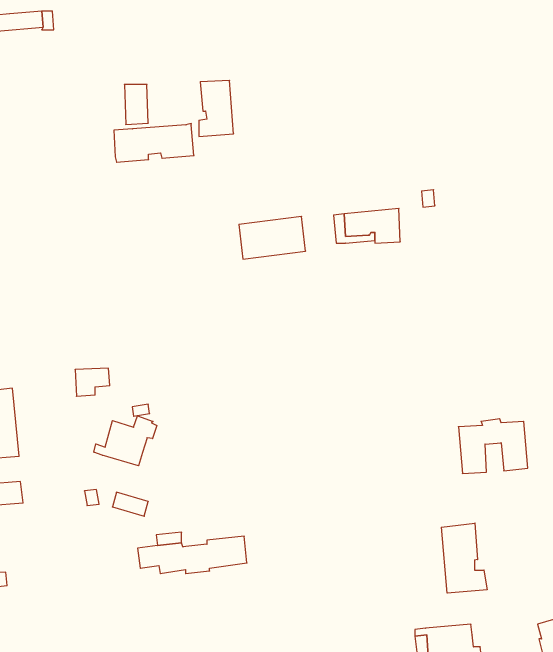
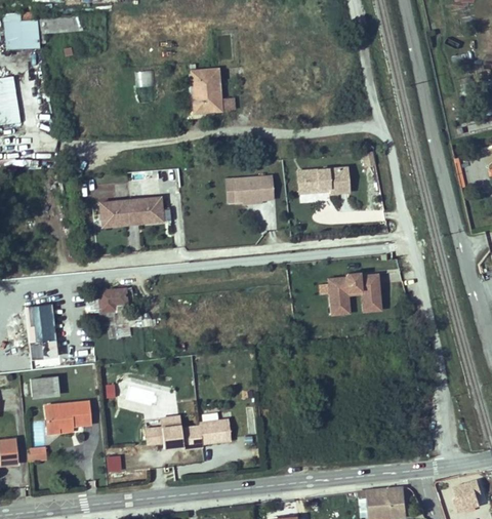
building: [114,124,194,162] -> [101,198,163,228]
building: [94,416,157,466] -> none
building: [458,419,528,473] -> [326,274,379,316]
building: none -> [47,401,92,433]
building: [441,523,487,593] -> none

